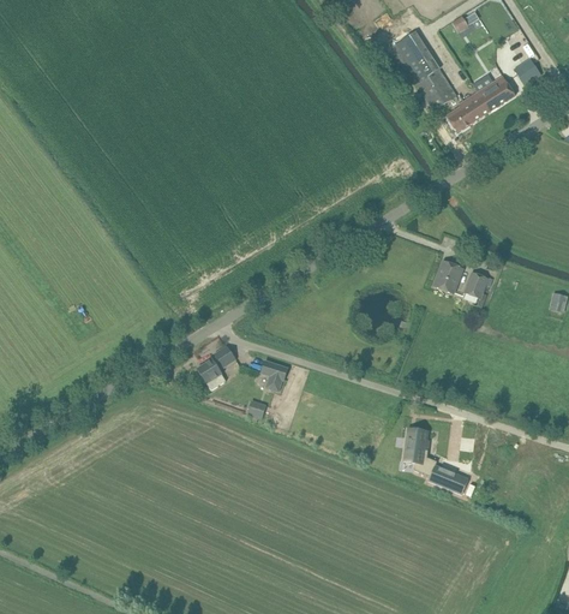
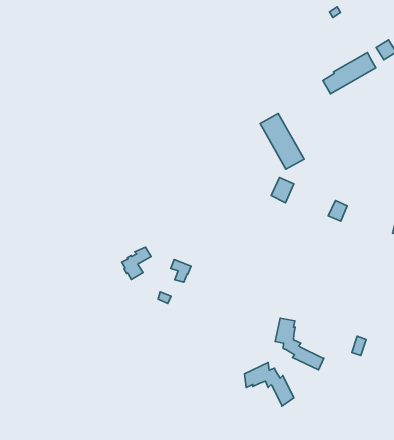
building: [391,30,451,102] -> [260,114,304,169]
building: [433,260,462,292] -> [271,178,294,203]
building: none -> [244,362,294,406]

